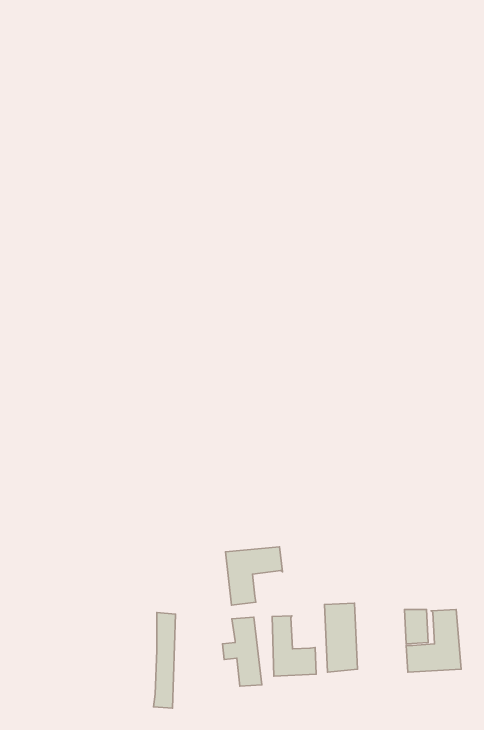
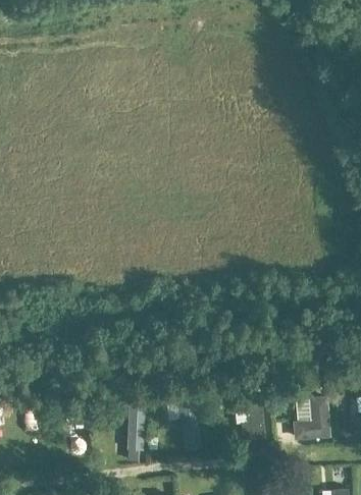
building: [225,547,282,605] -> none
building: [272,616,316,676] -> none

